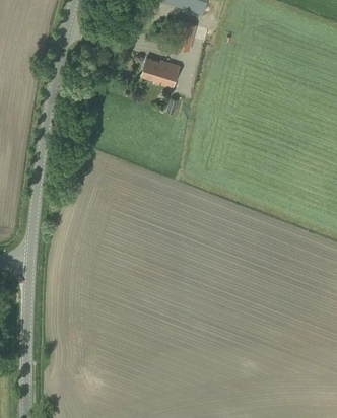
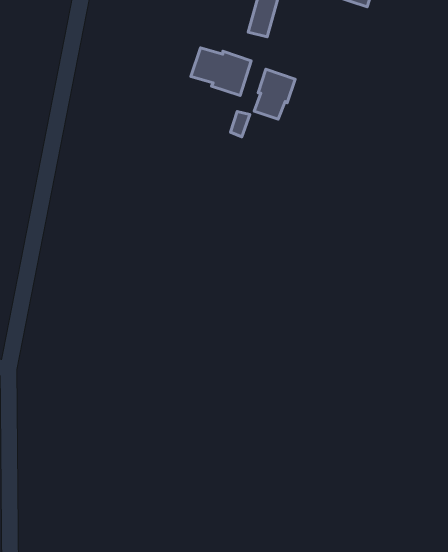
building: none -> [254,69,295,119]

